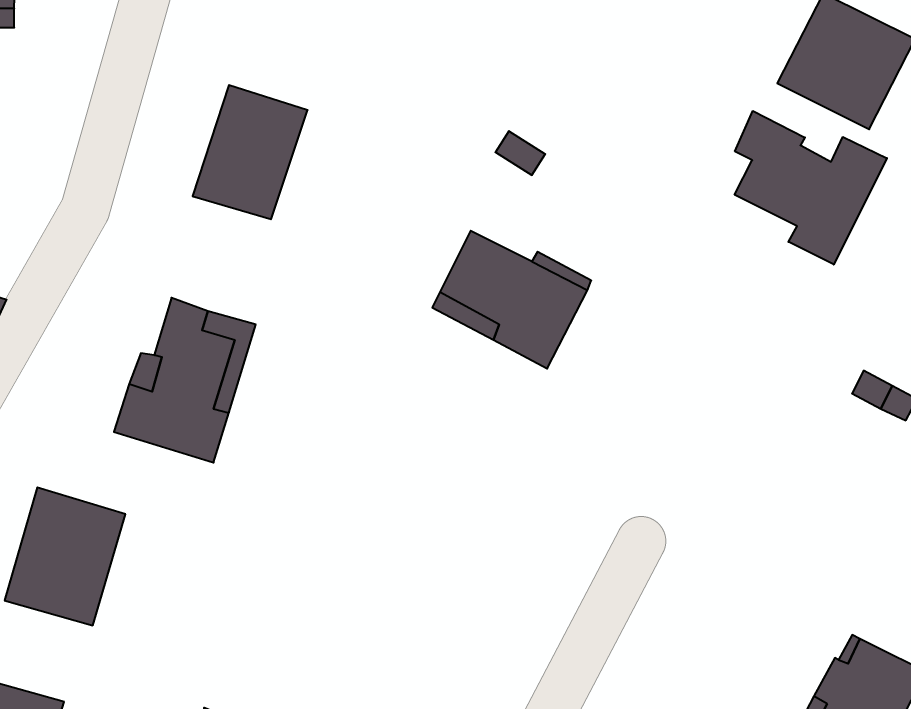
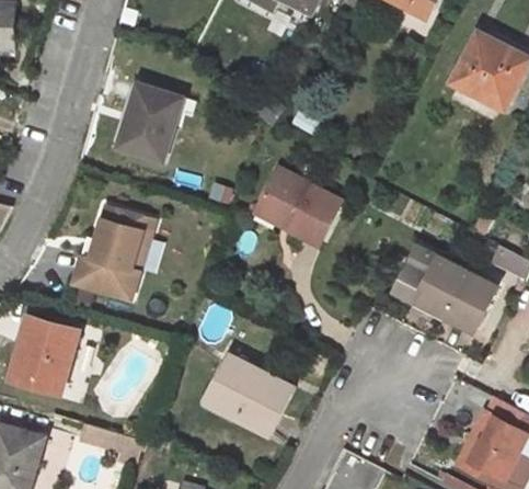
building: [735,111,887,265] -> none
building: none -> [392,247,495,332]
building: none -> [204,355,292,436]

